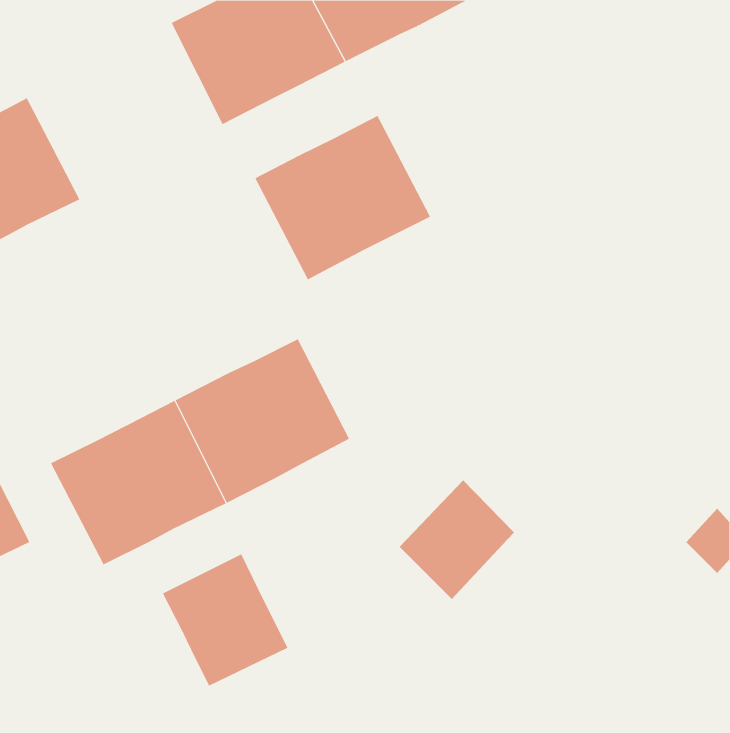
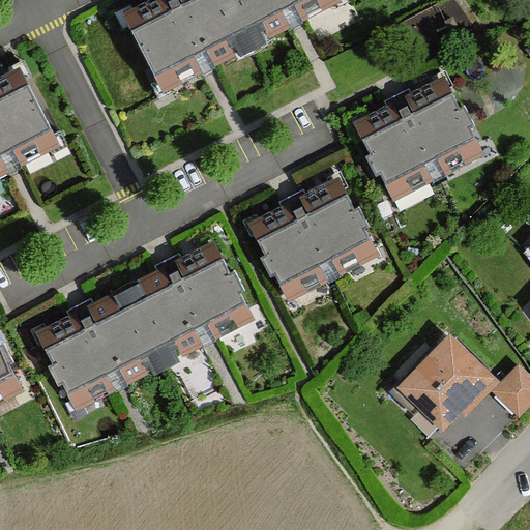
building: none -> [354,80,481,198]
building: [255,115,431,280] -> [249,180,377,299]
building: [399,479,515,600] -> [405,338,489,425]
building: [162,553,288,686] -> none

